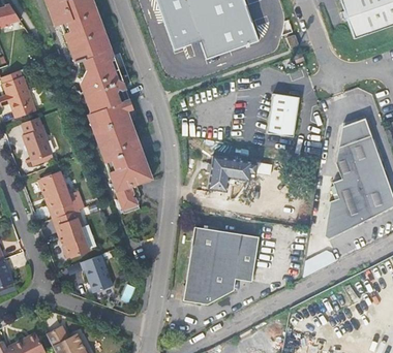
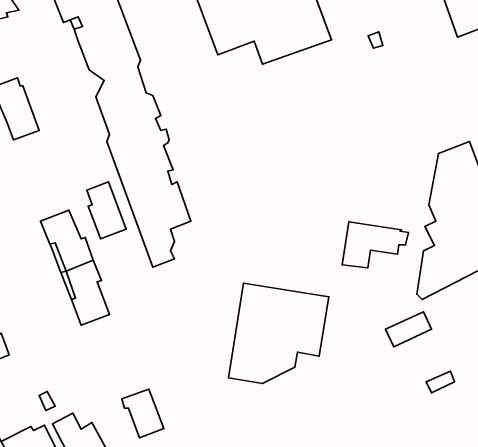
building: [268,94,299,136] -> none
building: [22,116,52,159] -> [87,182,126,239]
building: [208,155,259,190] -> [342,222,408,268]
building: [80,254,112,291] -> [122,389,164,438]

